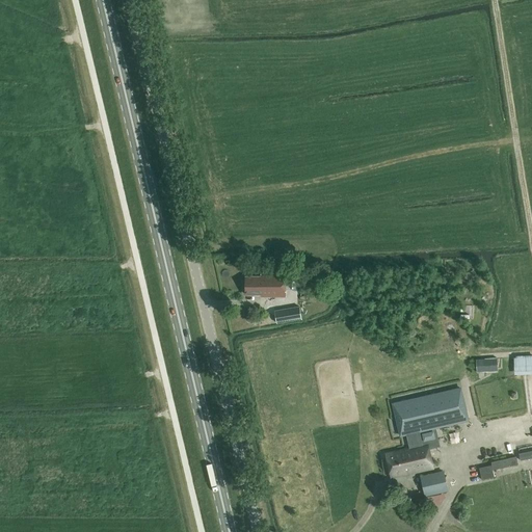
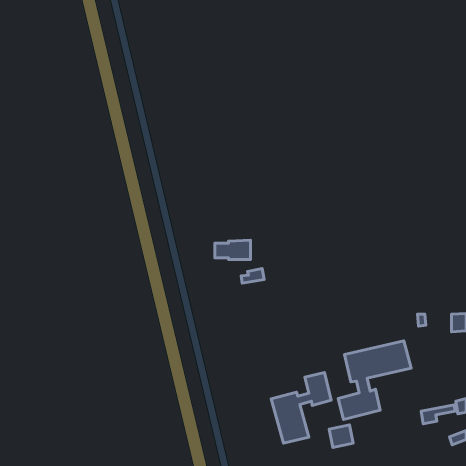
building: none -> [271,373,331,443]
building: [420,470,447,496] -> [329,425,353,448]

